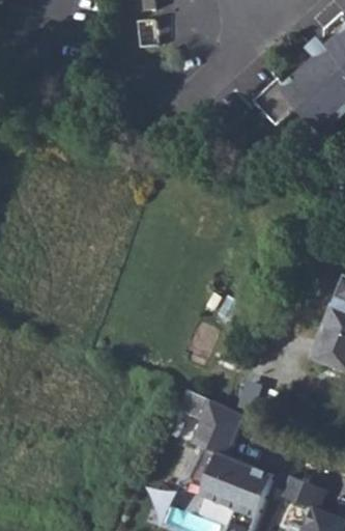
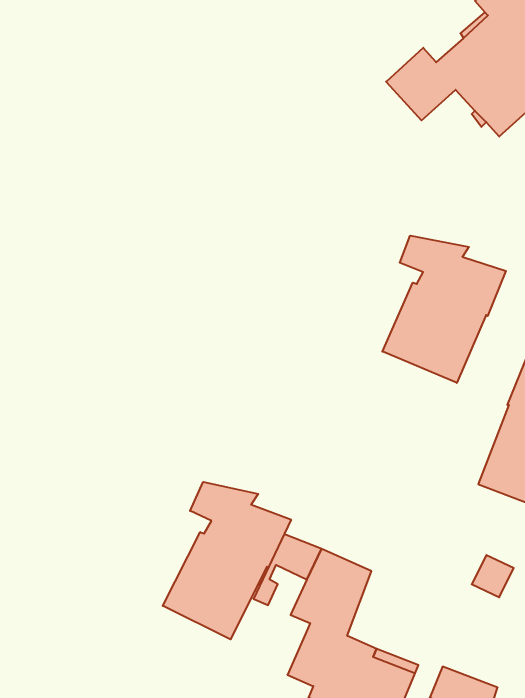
building: none -> [382,236,506,383]
building: none -> [163,482,291,639]

